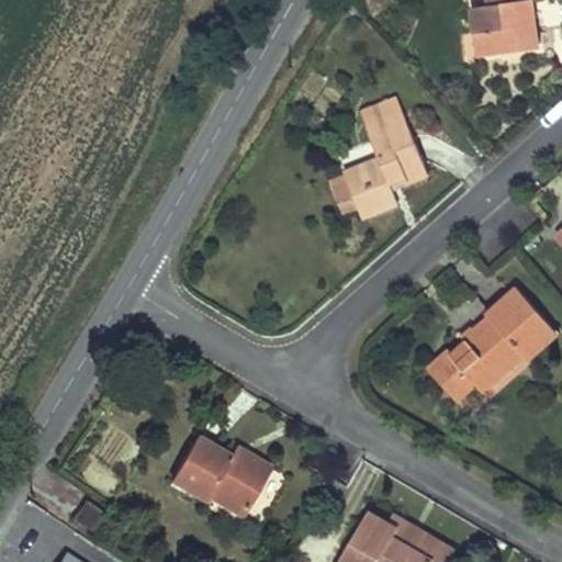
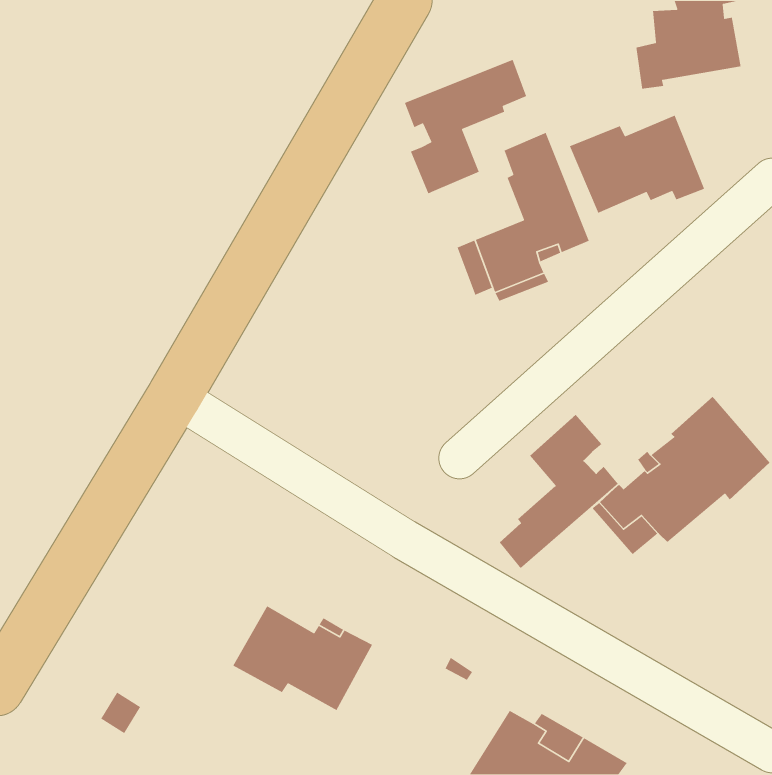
building: none -> [404,59,527,194]
building: none -> [569,115,705,214]
building: none -> [499,414,619,569]

